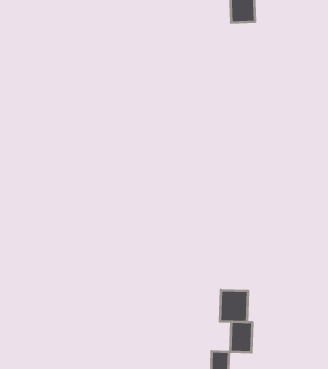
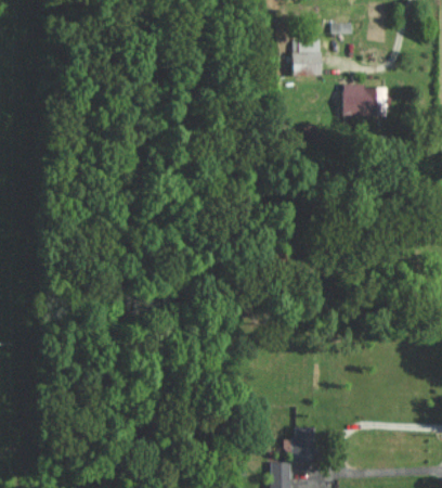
building: none -> [342,87,378,117]
building: [220,290,248,322] -> none

